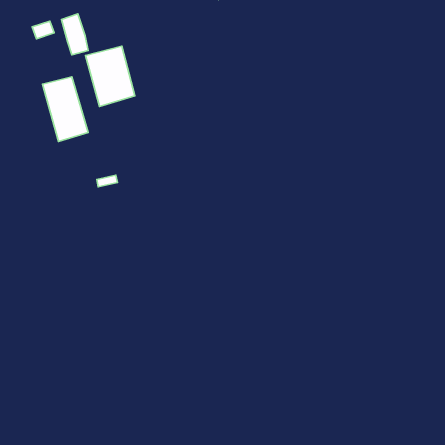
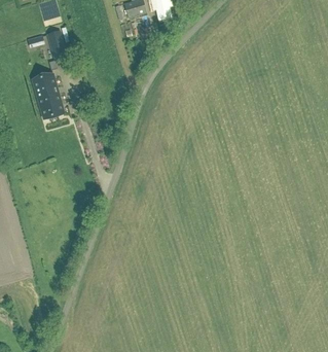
building: [86,46,135,106] -> none

